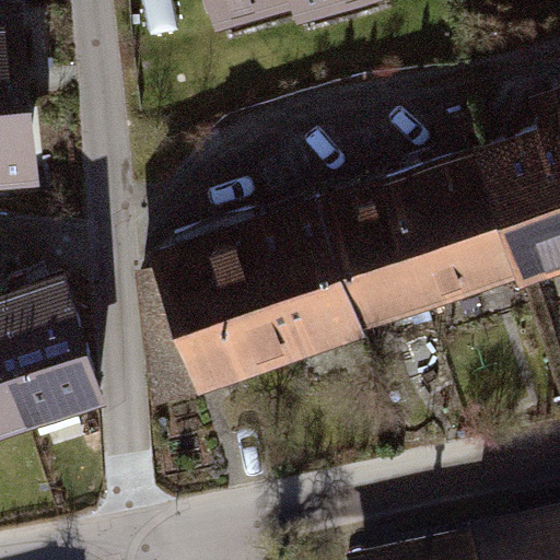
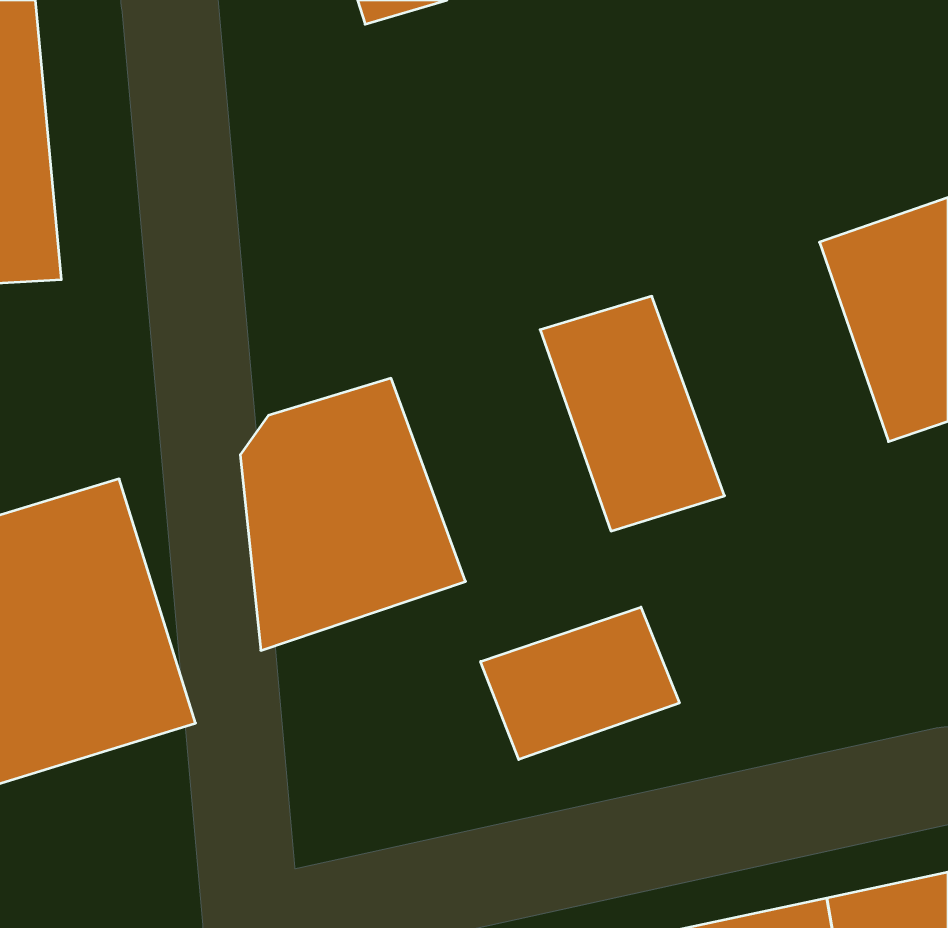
building: [383,156,522,305] -> none
building: [230,208,359,355] -> none
building: none -> [481,607,679,760]

